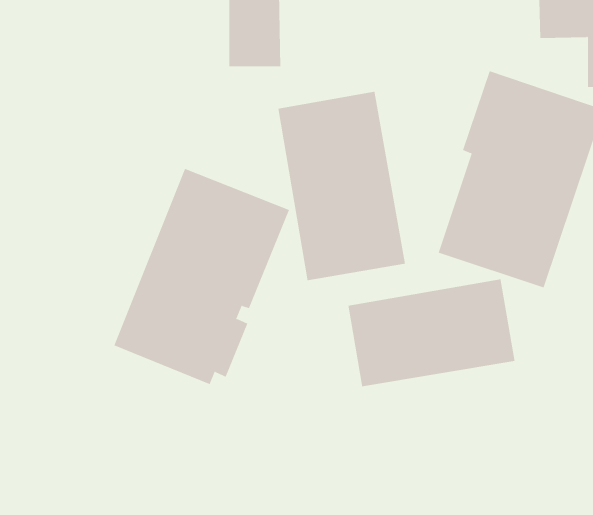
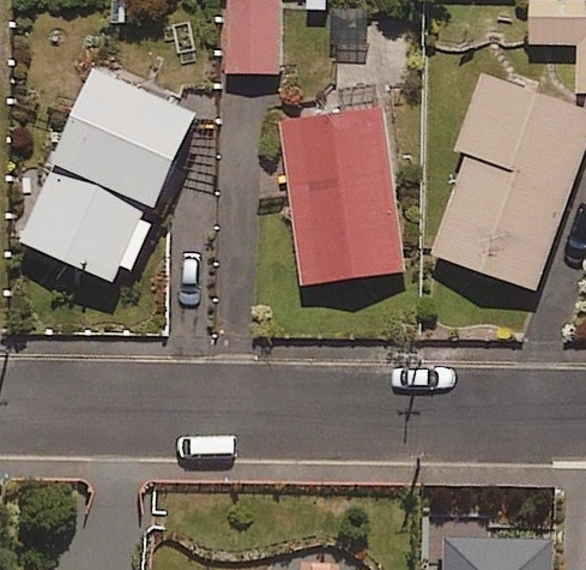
building: [114,168,290,385] -> [20,70,193,282]
building: [348,278,515,387] -> none

